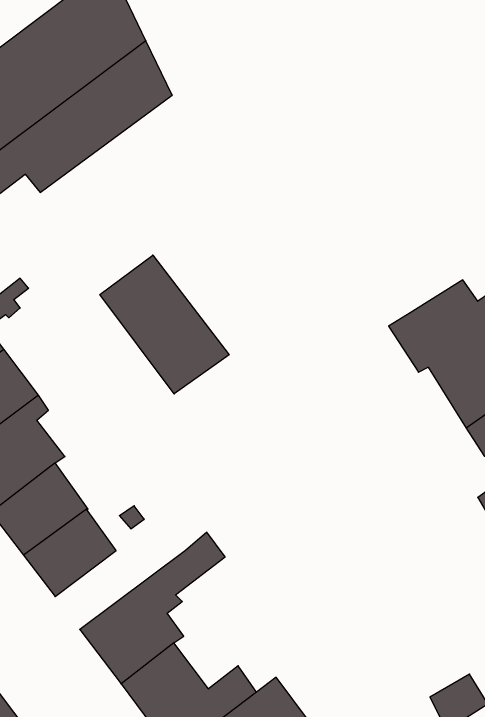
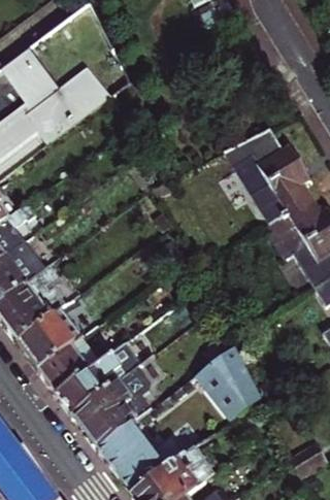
building: none -> [222,128,312,218]
building: [100,255,229,394] -> none
building: none -> [58,342,139,415]
building: none -> [200,345,260,416]

